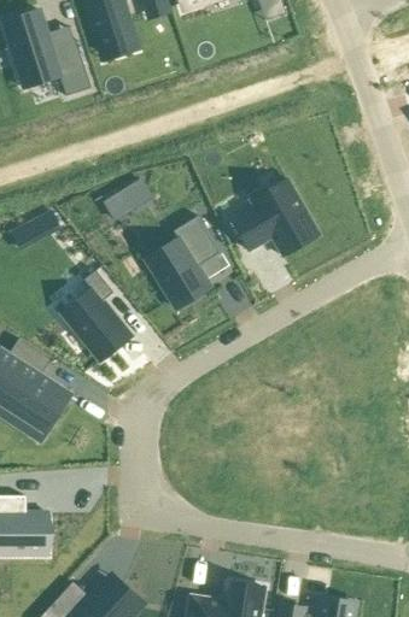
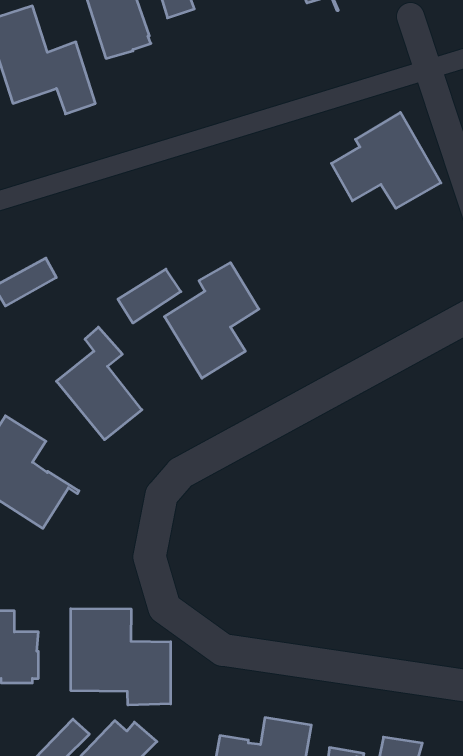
building: [104,178,154,222] -> [118,269,181,323]
building: [233,178,321,255] -> [331,112,441,208]
building: none -> [71,609,171,705]

